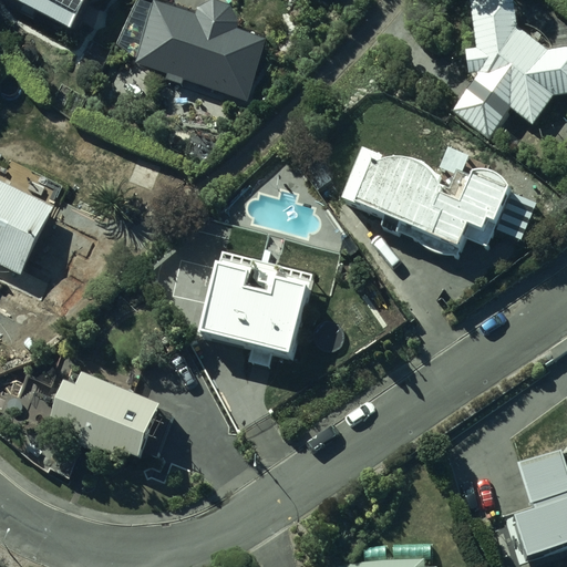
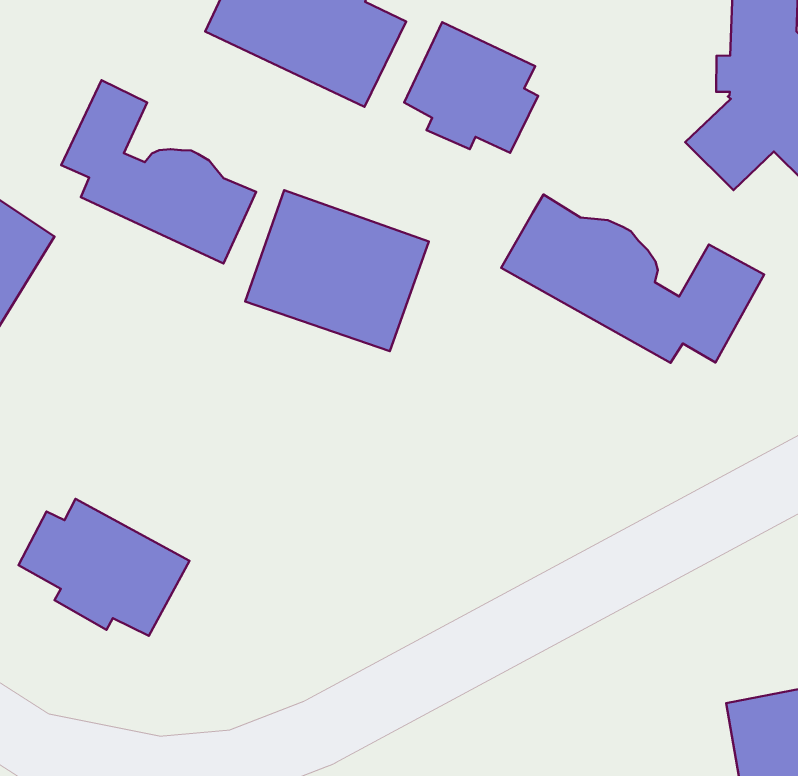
building: none -> [404,22,538,153]
building: none -> [61,80,256,263]
building: [198,260,312,357] -> [245,190,429,351]

